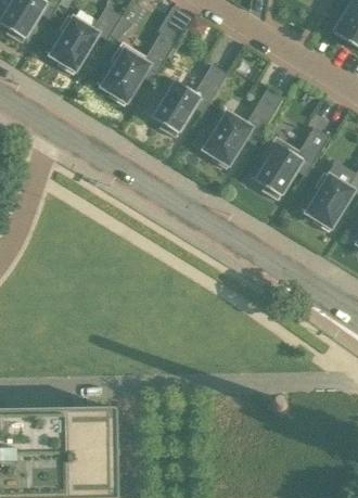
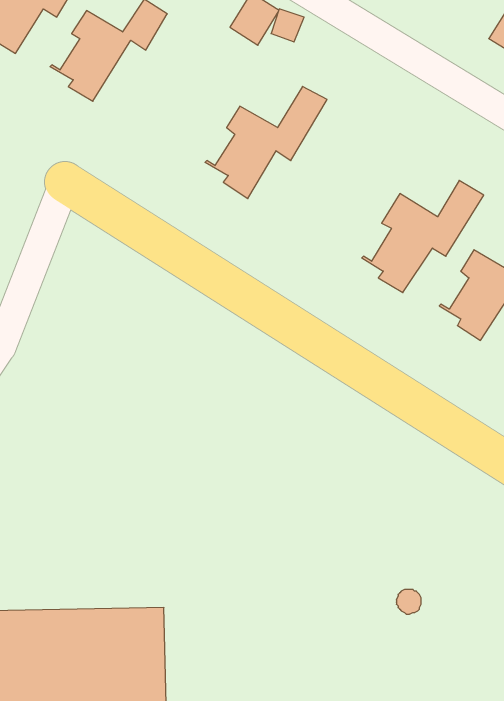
building: [97,31,176,104] -> none
building: [199,87,283,167] -> none

